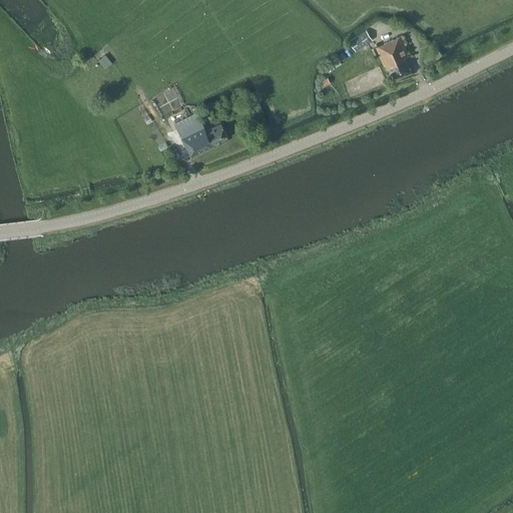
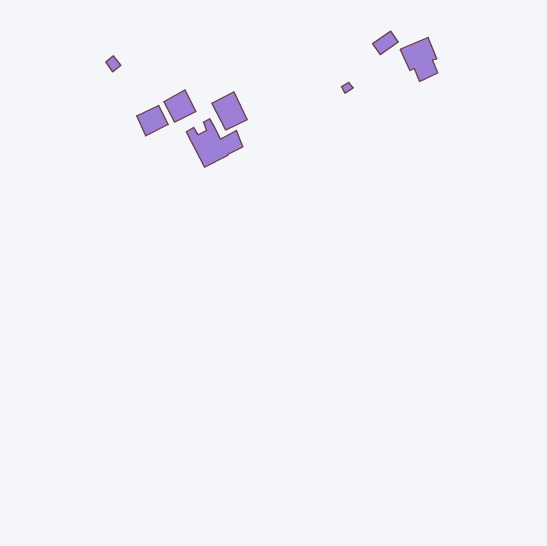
building: none -> [212,92,247,130]
building: none -> [137,105,168,136]

